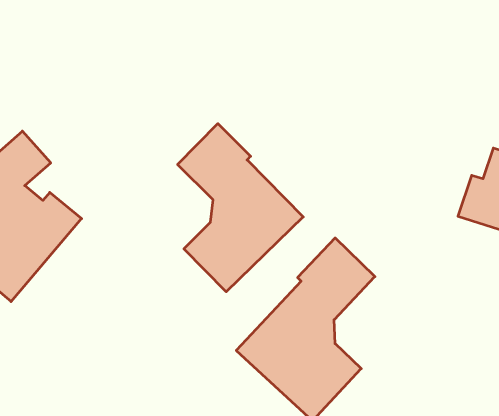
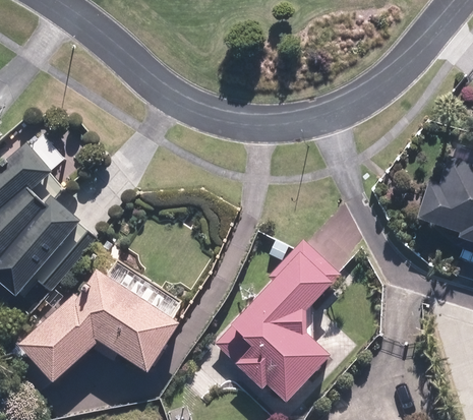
building: [178,124,303,292] -> none
building: none -> [20,271,178,380]

